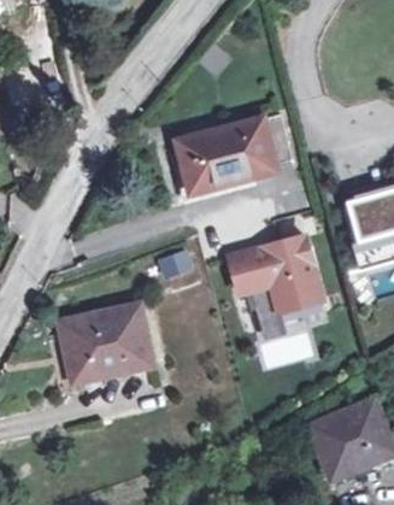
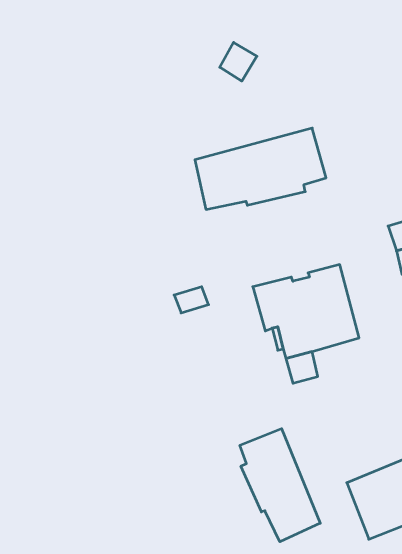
building: [58,306,152,376] -> none
building: none -> [240,429,320,542]

